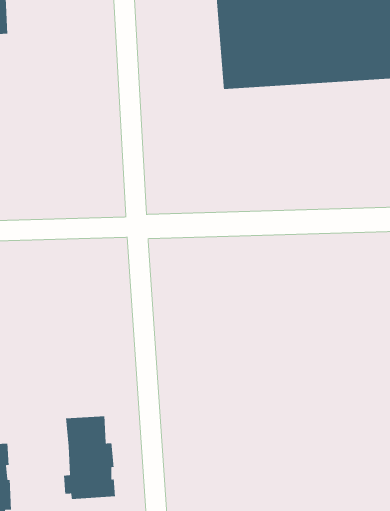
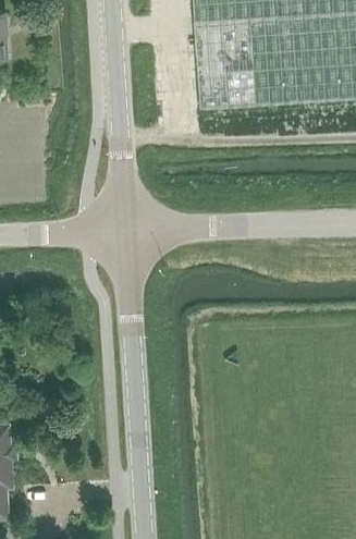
building: [63,416,116,500] -> none

